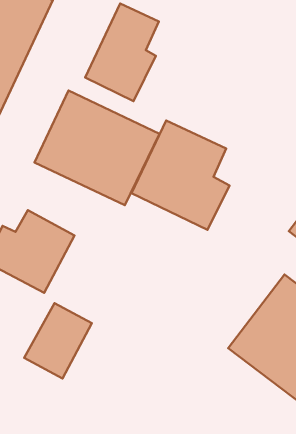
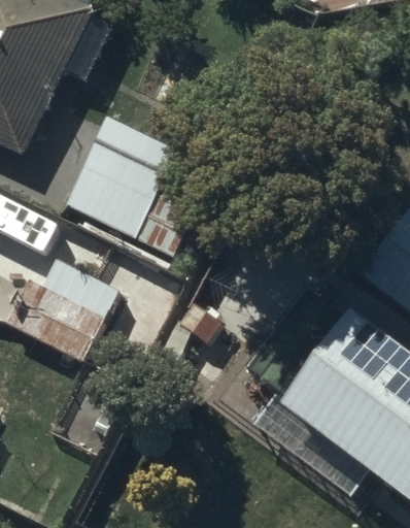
building: [85,4,159,101] -> none
building: [132,120,229,230] -> none

